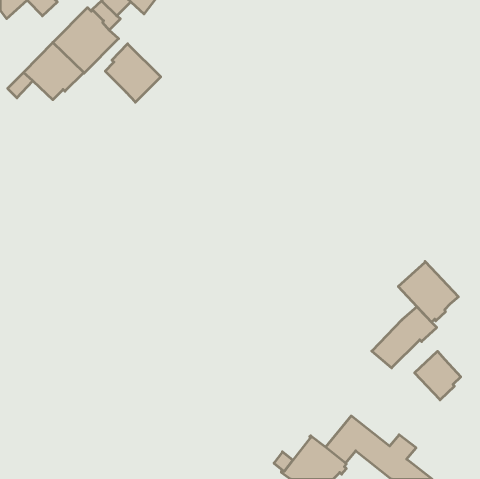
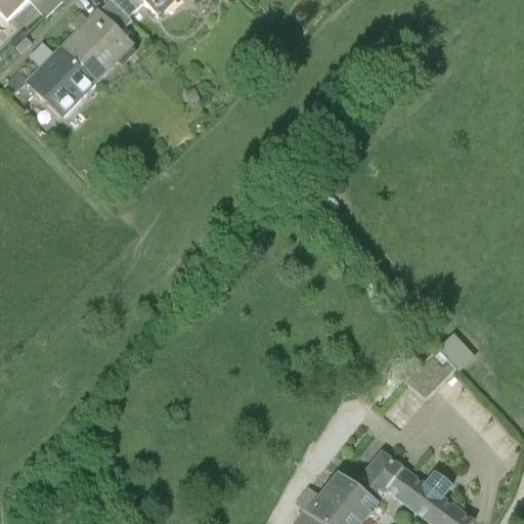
building: [105,44,161,102] -> none
building: [398,261,458,322] -> none
building: [415,351,461,400] -> none

